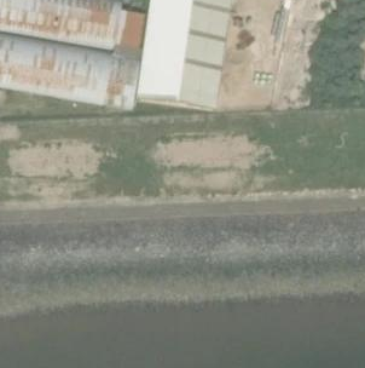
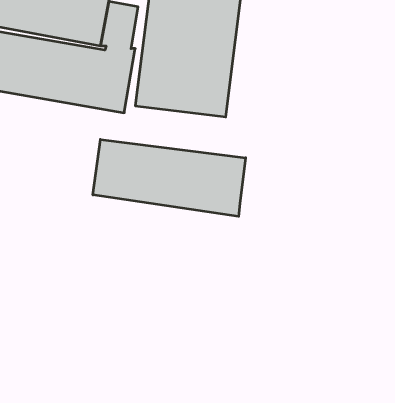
building: none -> [93,139,246,216]

